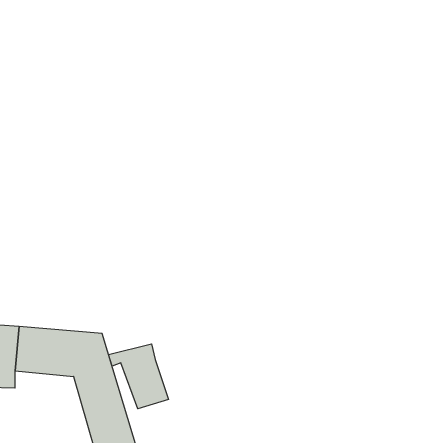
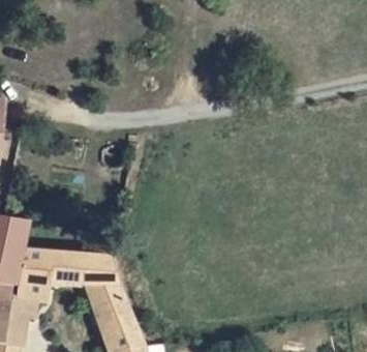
building: [108,344,168,409] -> none

